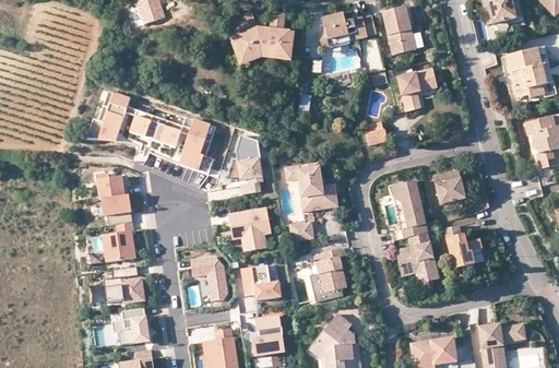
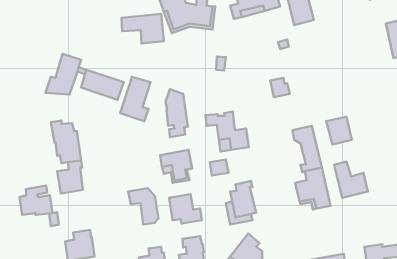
building: none -> [121,14,164,44]
building: [397,70,437,112] -> none
building: [103,265,143,301] -> [20,186,52,215]

